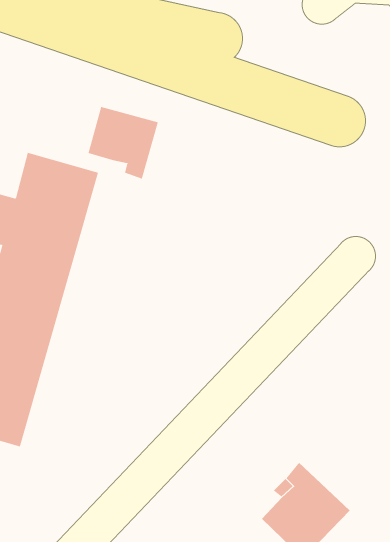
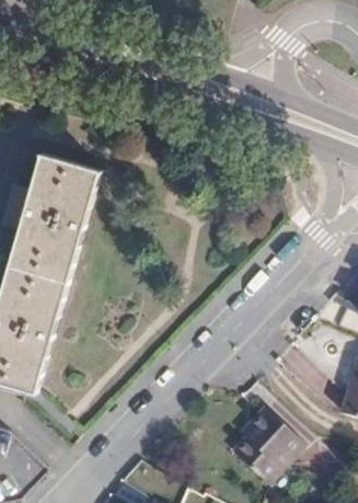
building: [88,106,158,179] -> none

